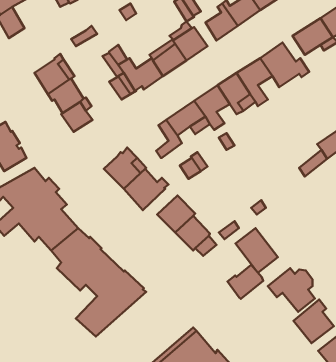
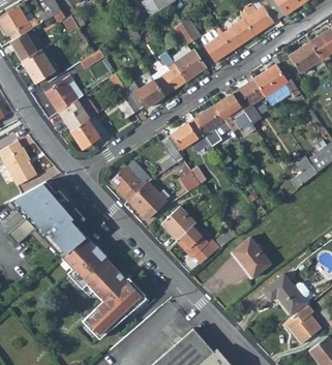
building: none -> [22,50,54,84]
building: [227,265,263,299] -> none

